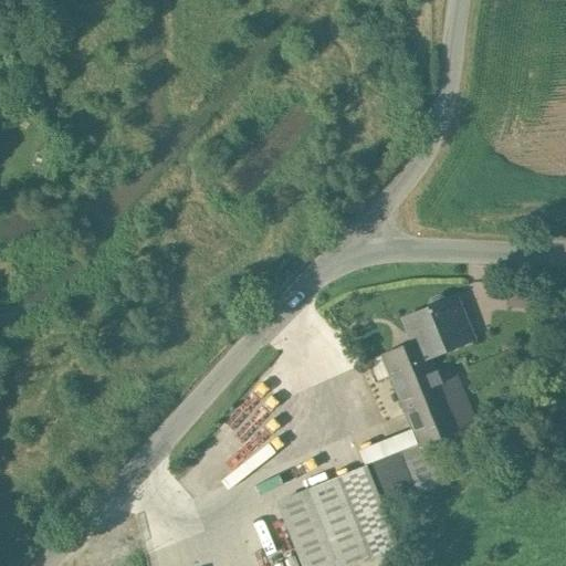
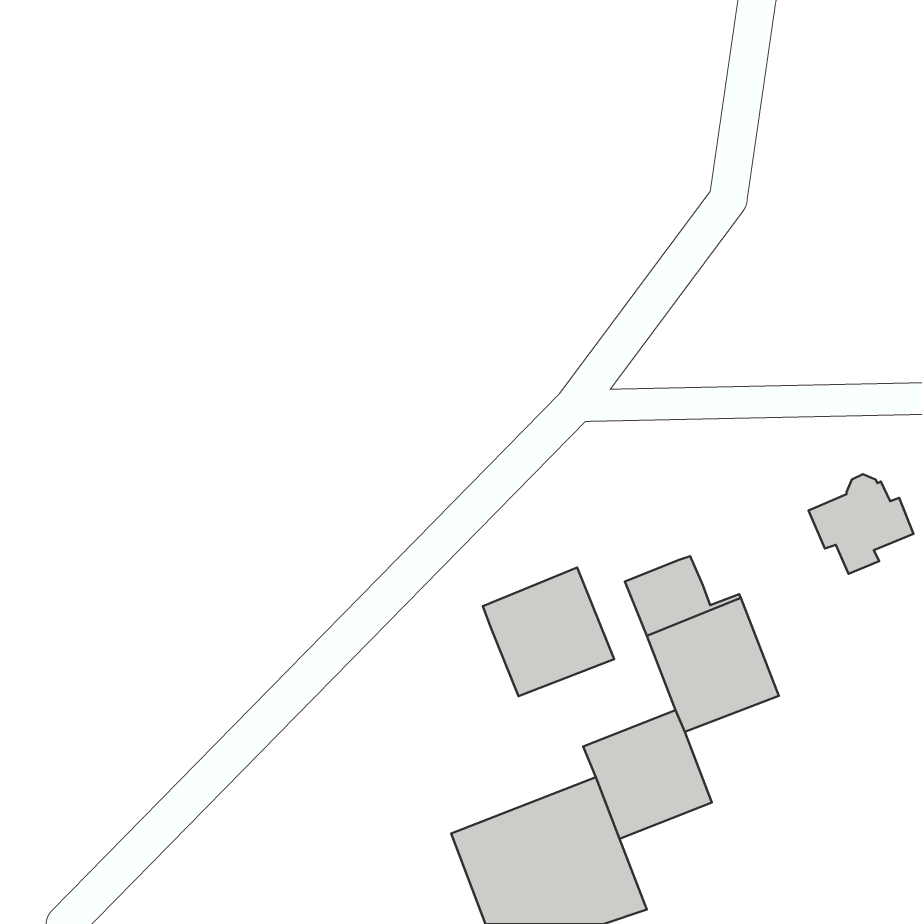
building: [407,296,471,357] -> [809,474,914,574]
building: none -> [483,568,614,696]

